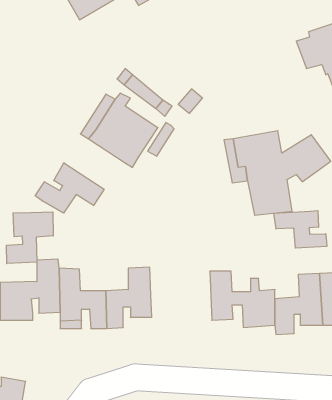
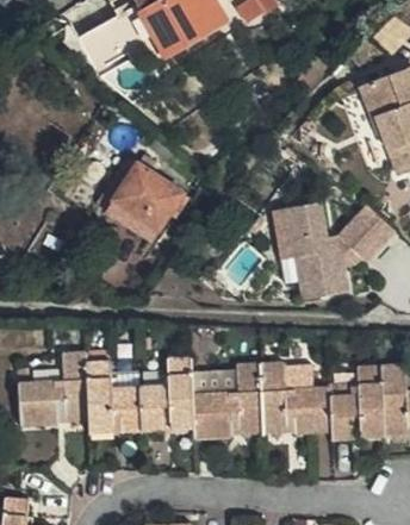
building: [35,163,104,213] -> none
building: [274,211,327,248] -> none
building: [7,212,53,264] -> none
building: none -> [182,367,254,435]

